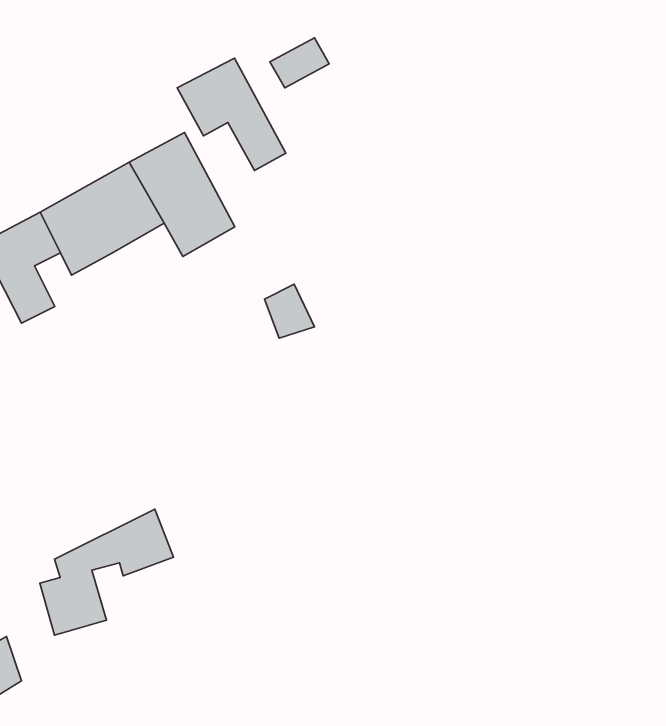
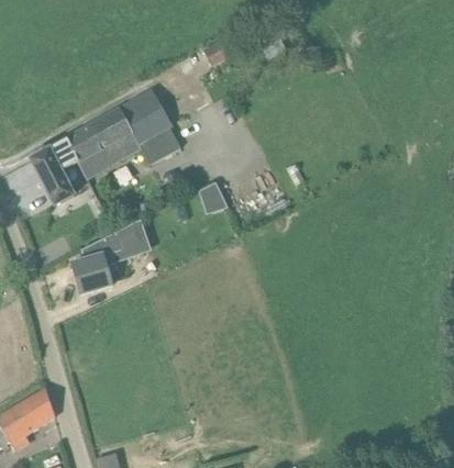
building: [177,58,286,170] -> none
building: [40,509,173,635] -> [71,219,151,293]

